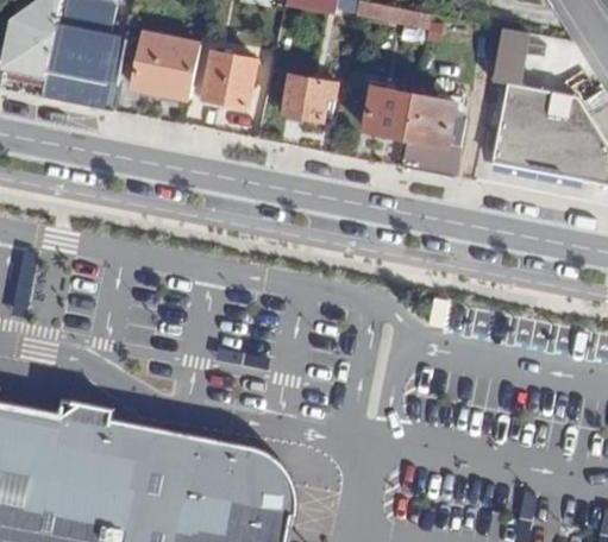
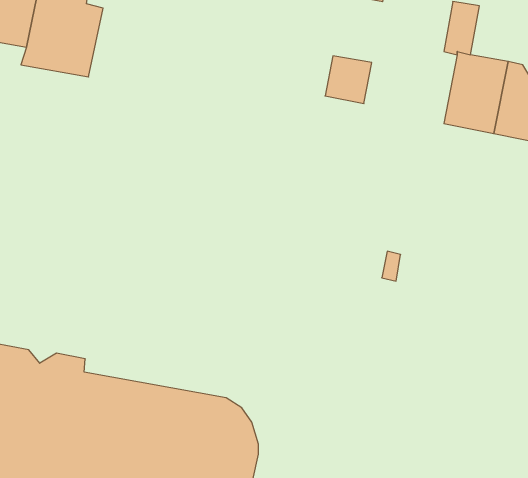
building: [134,32,200,97] -> none
building: [205,52,256,106] -> none
building: [286,76,339,120] -> none
building: [402,94,464,176] -> none

